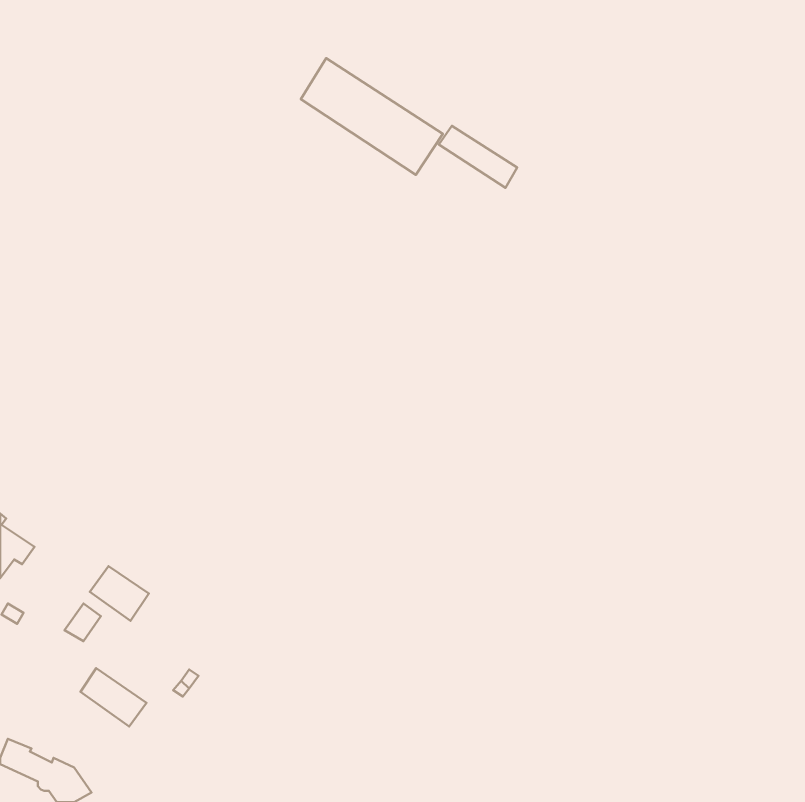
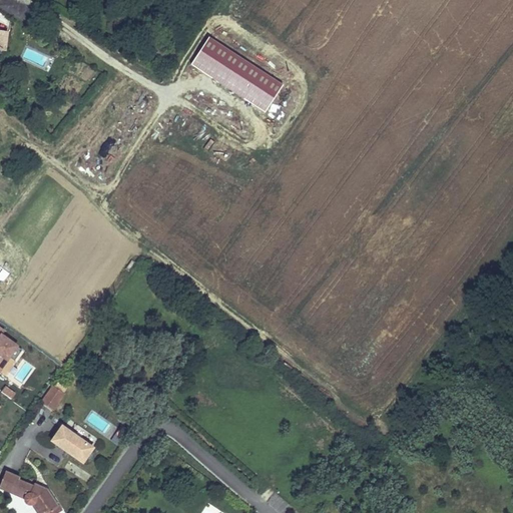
building: [439,126,517,188] -> none
building: [90,566,149,621] -> none

